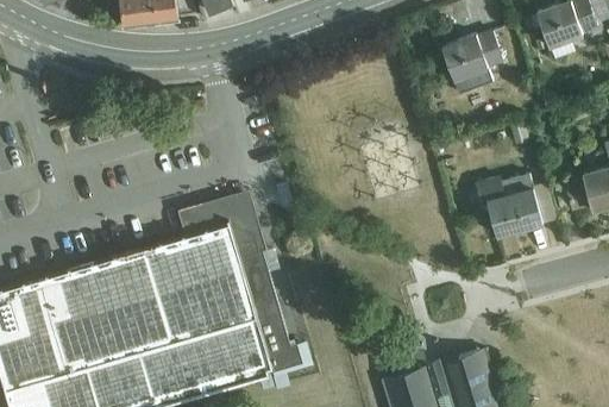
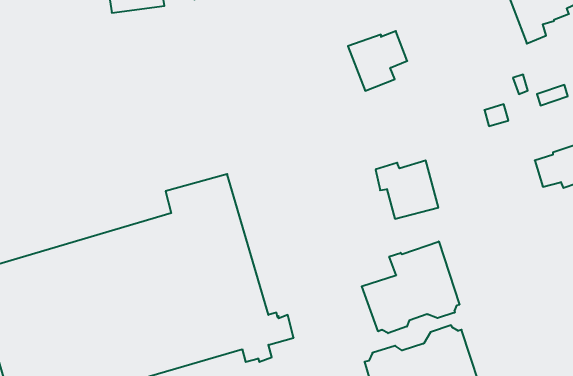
building: [441,31,503,93] -> [348,31,407,91]
building: [476,174,541,234] -> [376,160,438,219]
building: none -> [362,241,459,333]

